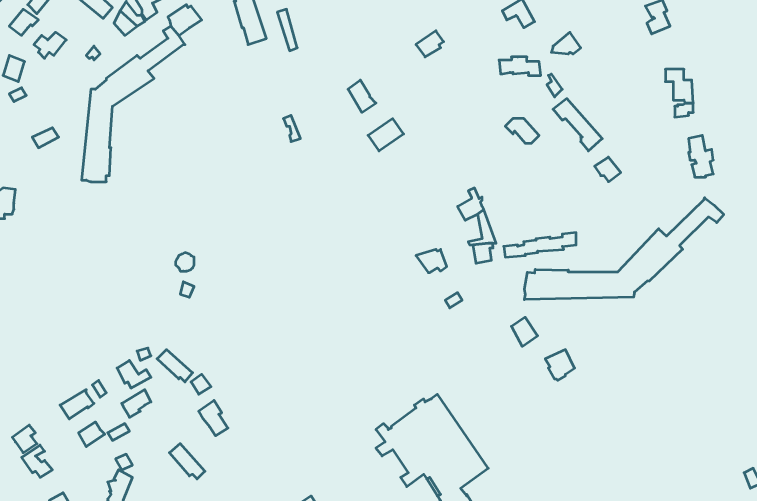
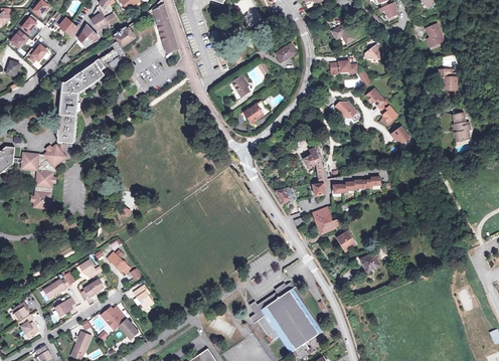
building: none -> [21,142,65,208]
building: [524,198,724,300] -> none
building: none -> [312,208,339,234]

